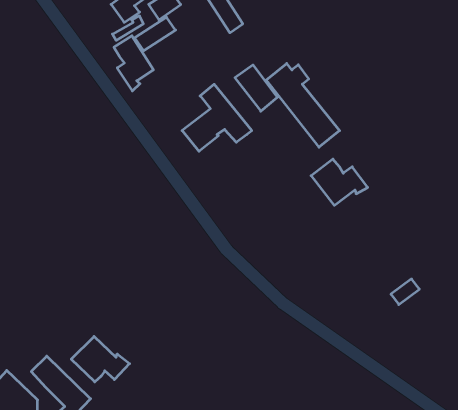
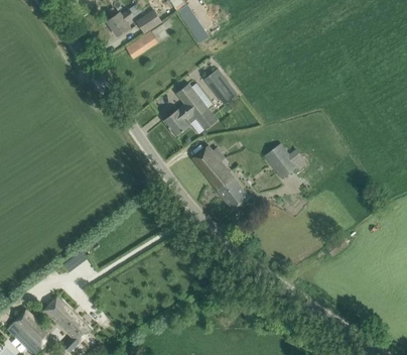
building: [114,36,153,91] -> none
building: [266,63,340,147] -> [191,145,249,211]
building: [71,336,130,382] -> none

